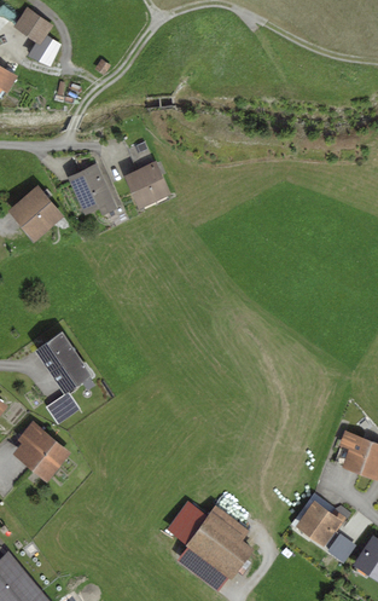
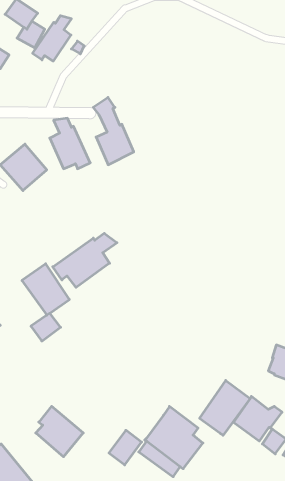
building: none -> [33,16,71,61]
building: none -> [53,233,117,287]
building: [13,421,71,482] -> [36,406,83,457]
building: none -> [200,380,250,435]
building: [167,502,207,544] -> [109,430,142,465]

